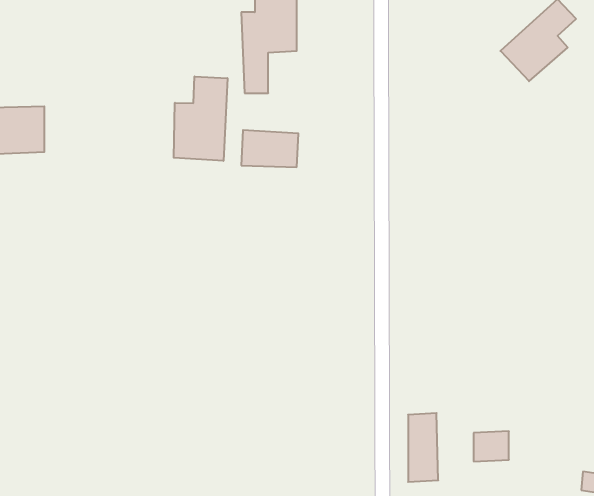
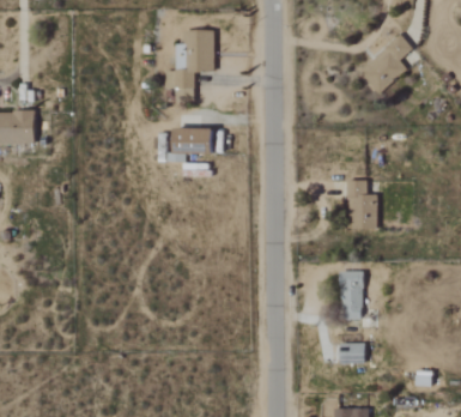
building: [174,76,227,161] -> none
building: none -> [347,180,376,229]
building: [408,413,438,482] -> [340,271,362,320]

